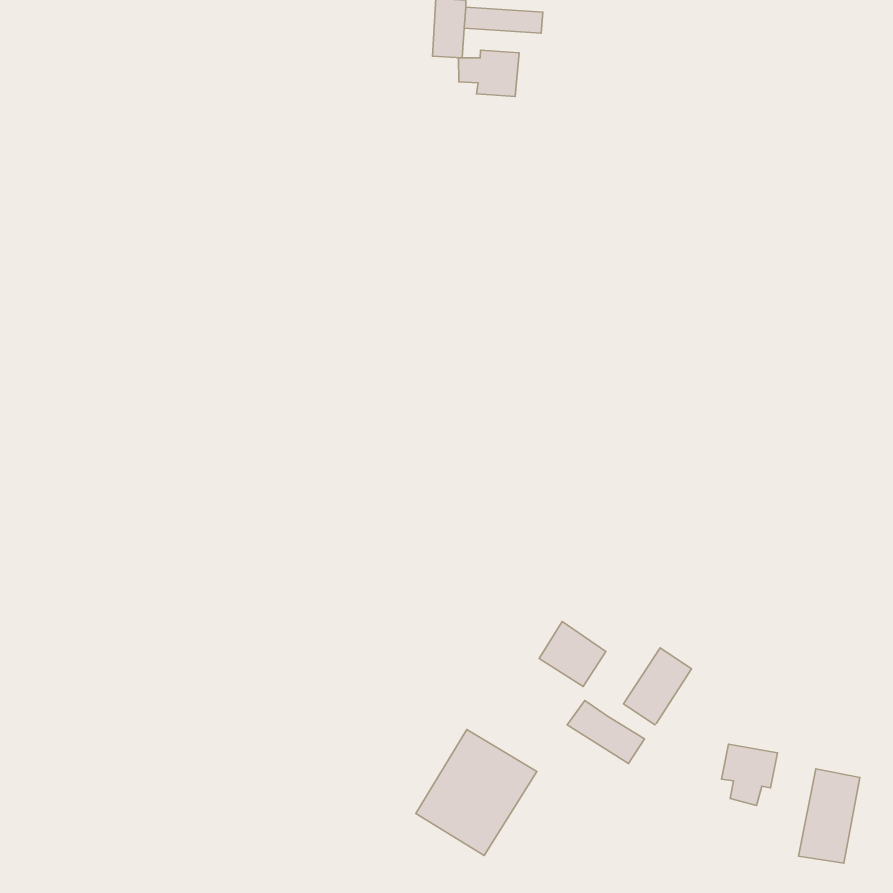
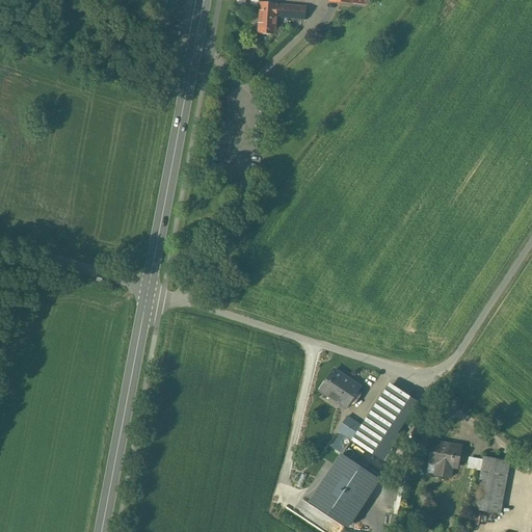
building: [459,50,519,96] -> none
building: none -> [362,418,400,459]
building: [416,729,537,856] -> [308,451,379,526]

